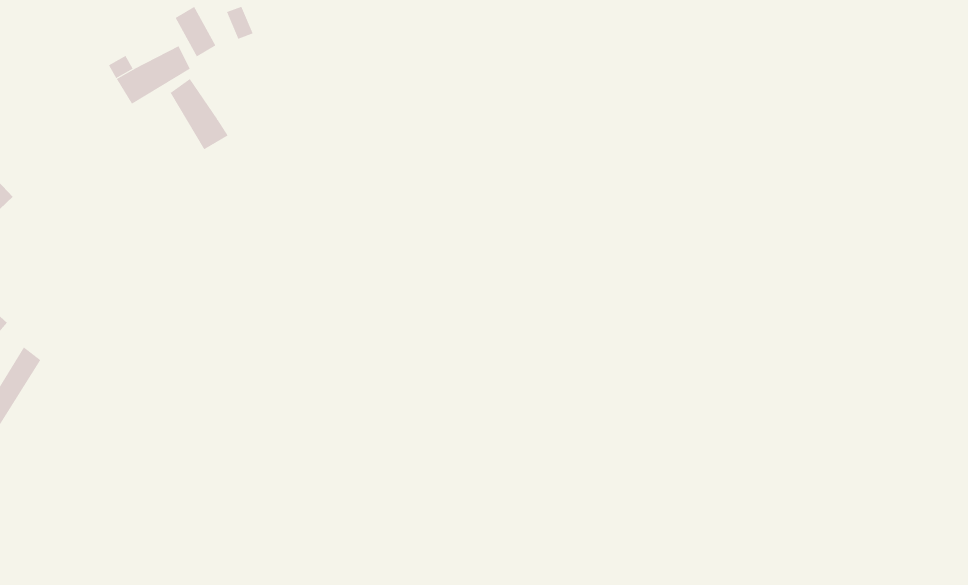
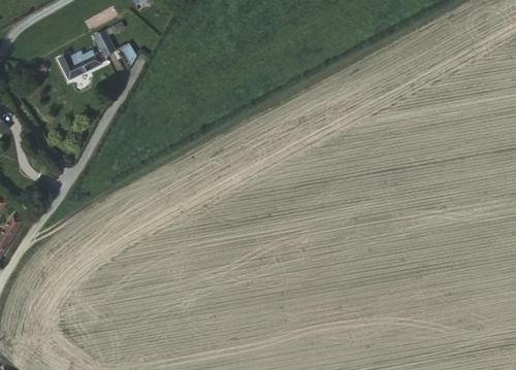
building: [170,78,228,150] -> none

